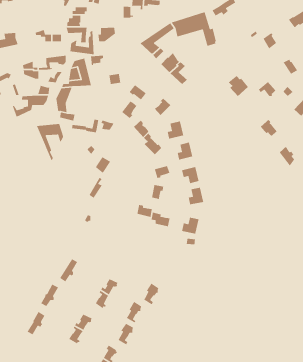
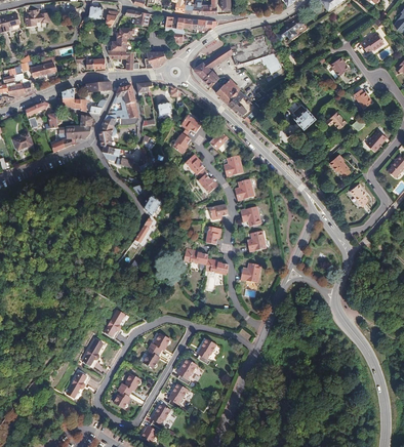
building: [69,30,95,55] -> none
building: [36,123,64,162] -> none

